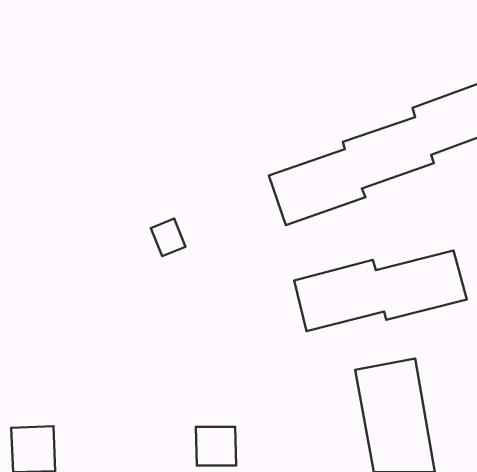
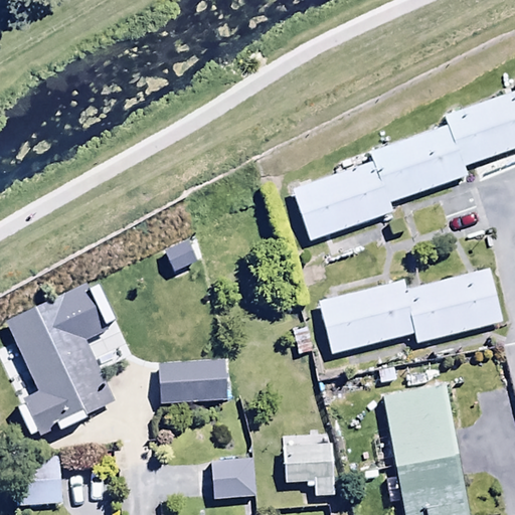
building: none -> [7,296,115,452]
building: none -> [158,358,226,403]
building: none -> [282,413,334,494]

